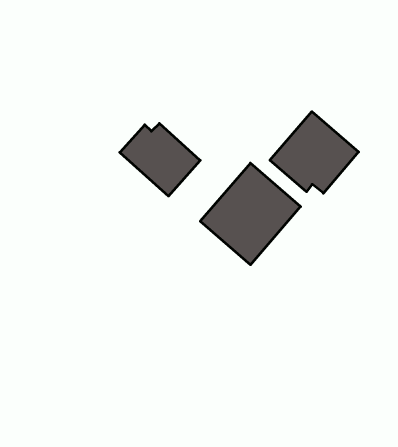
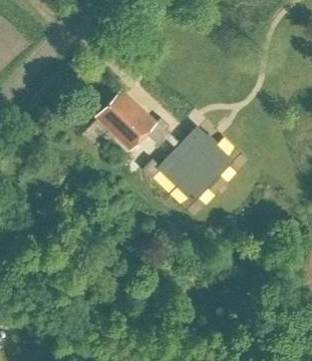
building: [270,112,359,193] -> none

